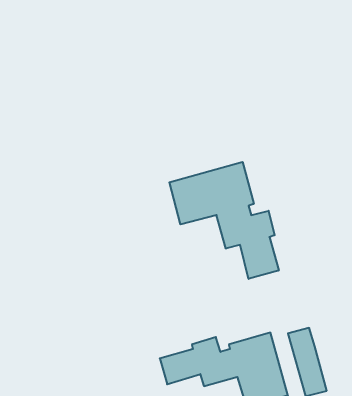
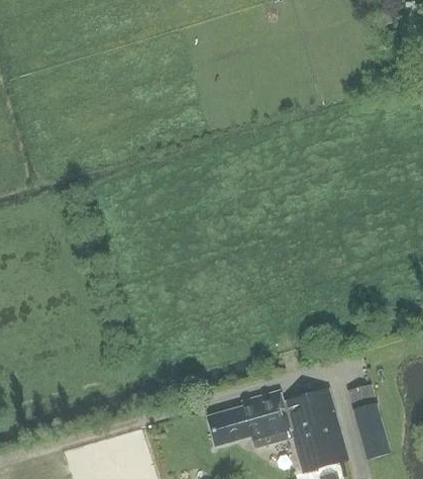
building: [169,162,279,279] -> none

